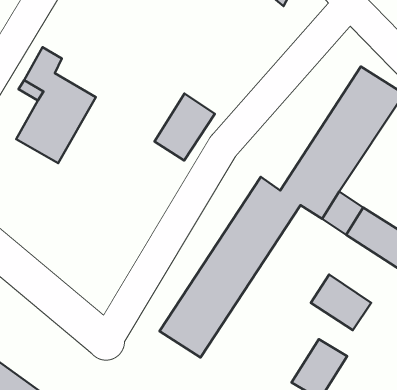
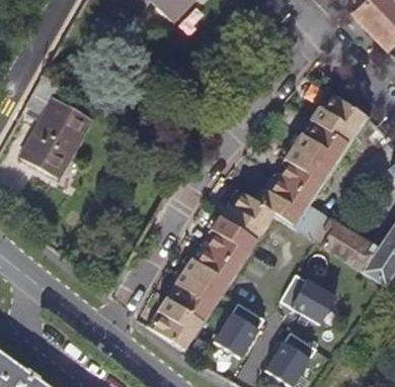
building: [154,94,215,161] -> none
building: none -> [215,303,265,359]

